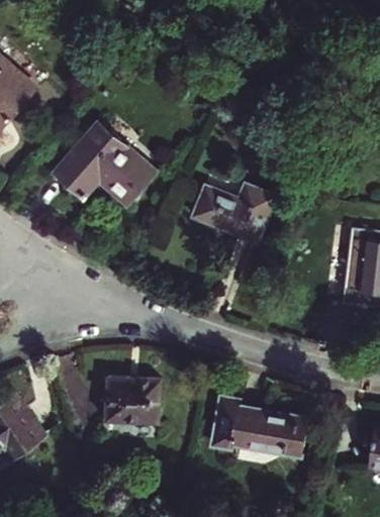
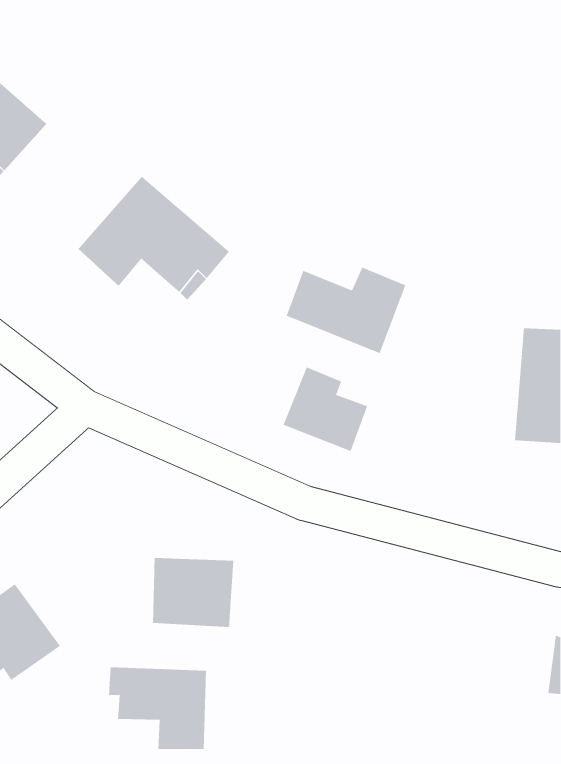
building: none -> [283,367,368,452]
building: [212,400,307,454] -> none
building: none -> [108,667,207,750]

